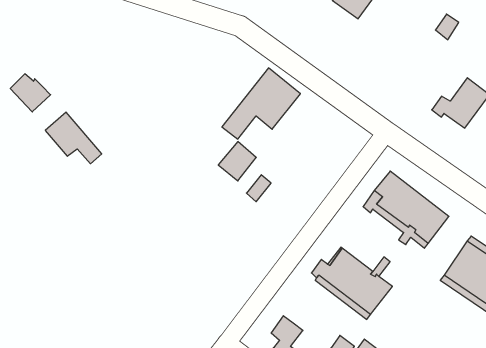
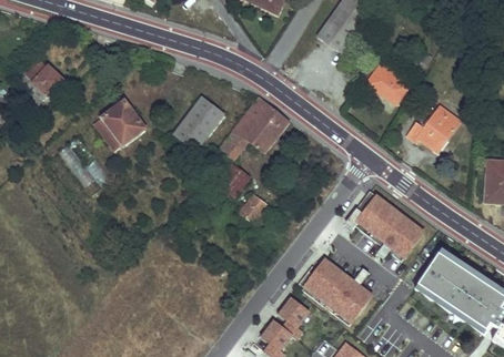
building: none -> [366,67,407,104]
building: none -> [170,98,223,162]
building: none -> [101,101,144,145]
building: [10,74,51,112] -> [26,61,62,95]
building: none -> [279,298,309,339]

